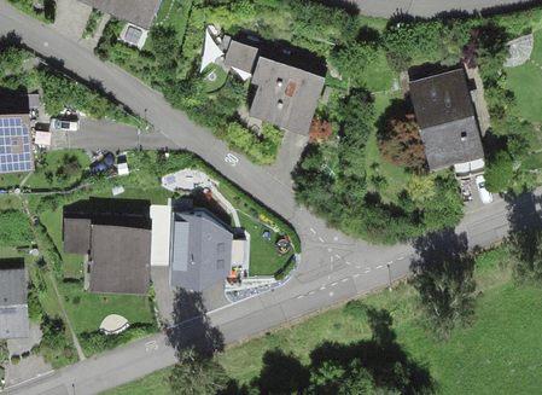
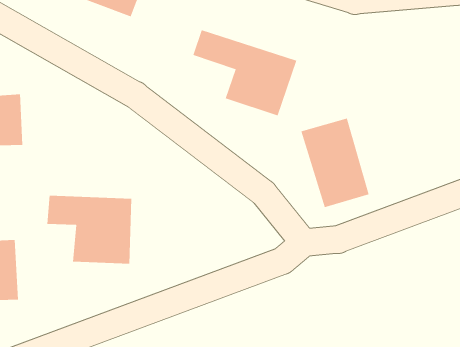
building: [409,70,484,168] -> [301,118,370,208]
building: [170,215,222,283] -> none

